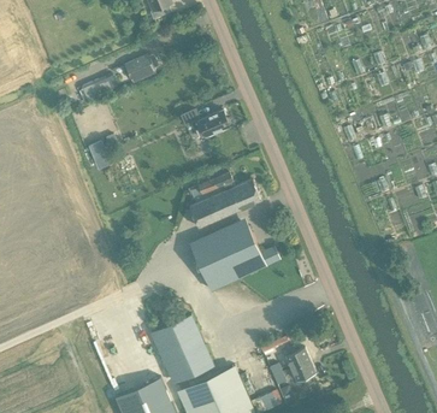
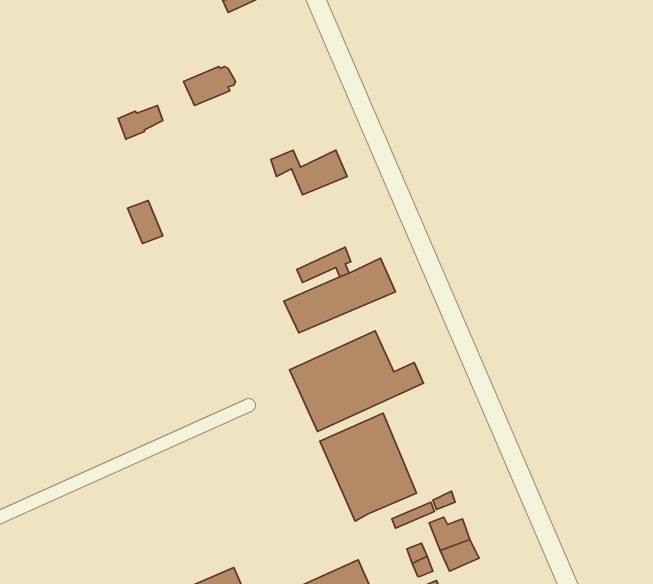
building: [150,313,213,383] -> [320,413,417,521]

